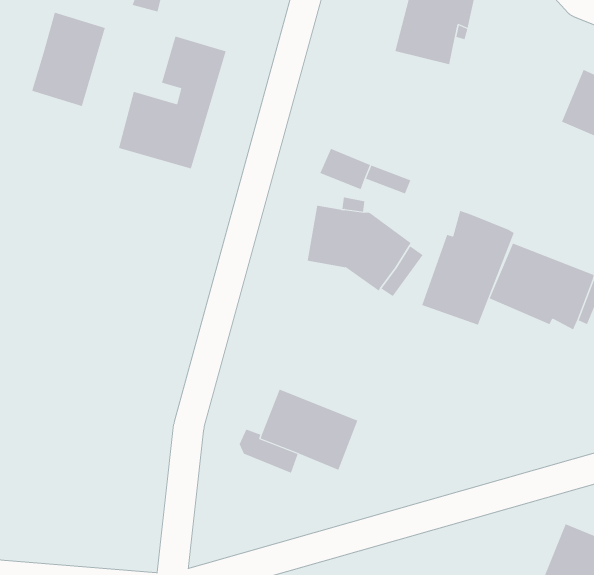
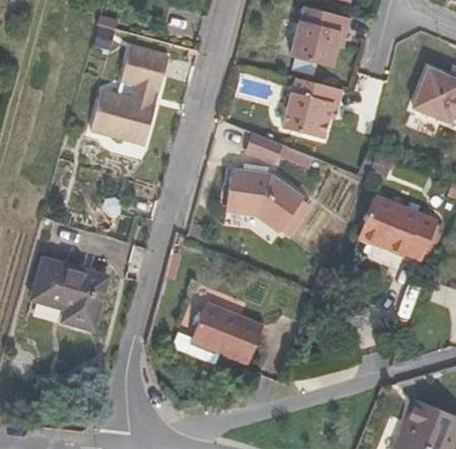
building: [31,12,105,107] -> none
building: none -> [282,79,341,139]
building: [422,210,515,325] -> none
building: none -> [32,259,109,330]

